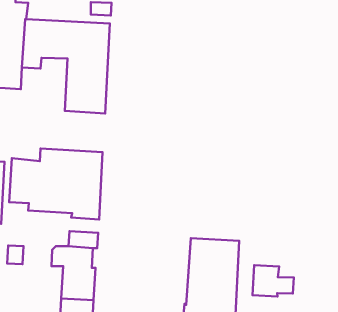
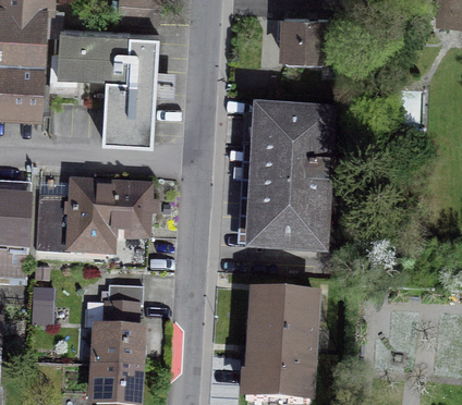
building: none -> [281,12,342,69]
building: none -> [252,113,327,246]
building: [252,265,294,297] -> none

